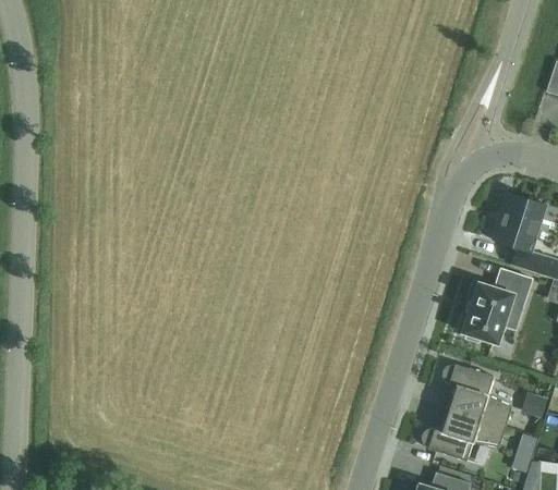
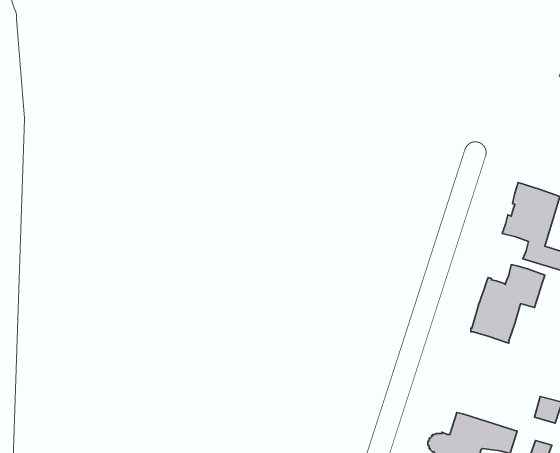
building: [442,364,512,426] -> none

